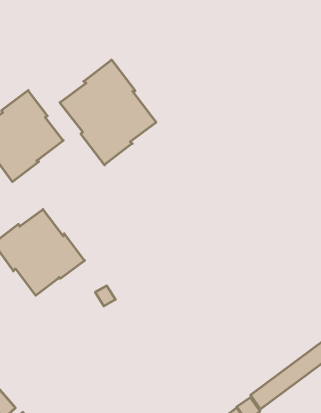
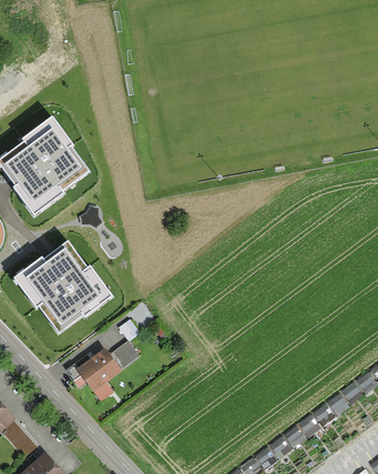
building: [60,60,156,165] -> none
building: none -> [65,340,137,400]

